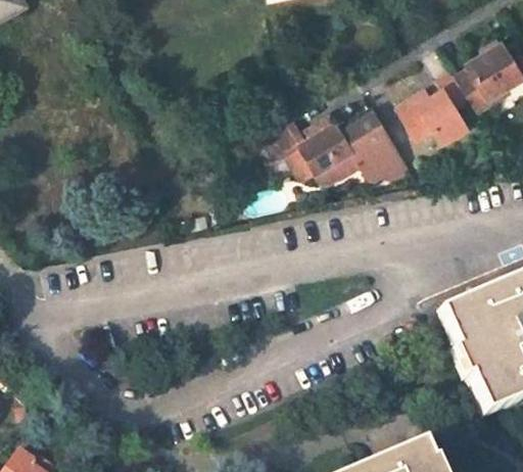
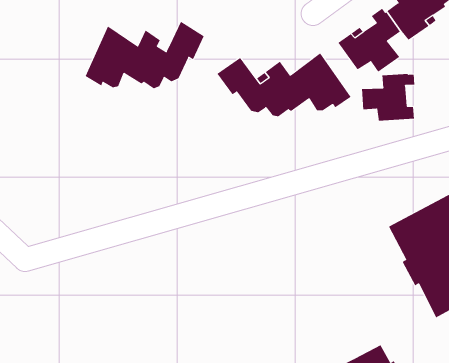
building: none -> [85,21,205,89]
building: none -> [361,73,415,122]

